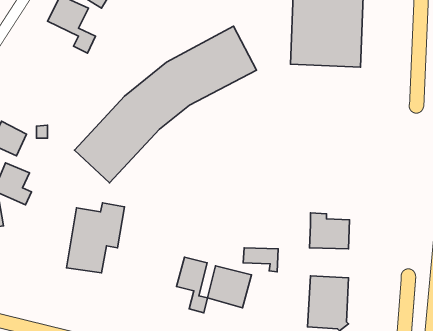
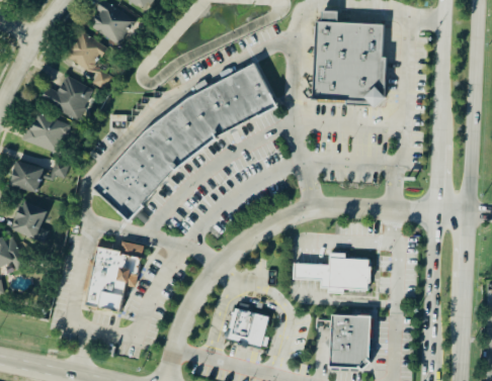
building: none -> [40,74,94,119]
building: none -> [23,110,71,154]
building: [243,248,278,272] -> [297,262,332,286]
building: [176,257,207,313] -> none

